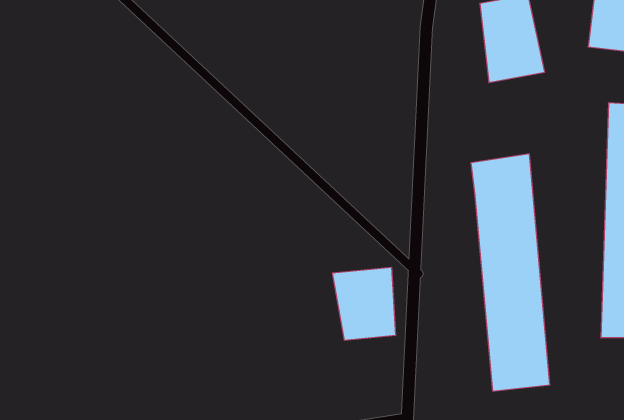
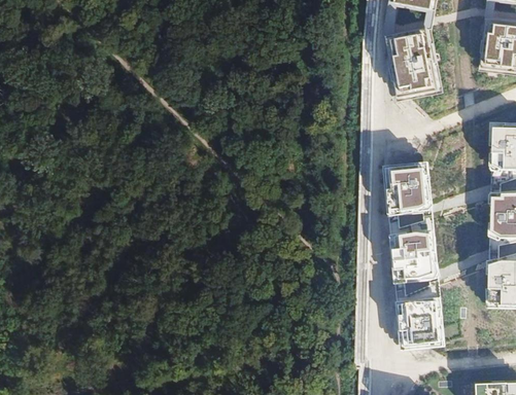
building: [332,267,396,340] -> none

